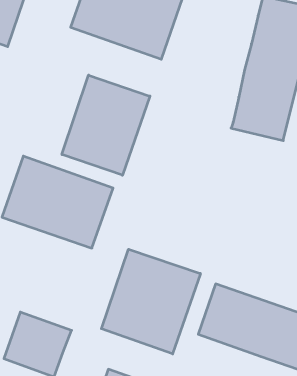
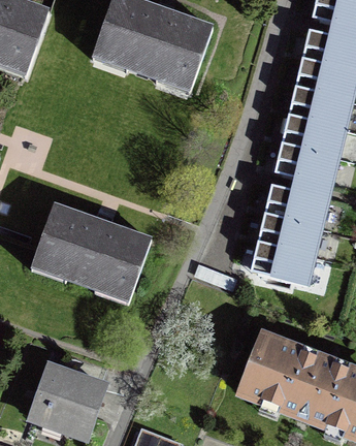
building: [62,75,150,175] -> none
building: none -> [251,183,327,283]
building: [101,249,200,354] -> none

